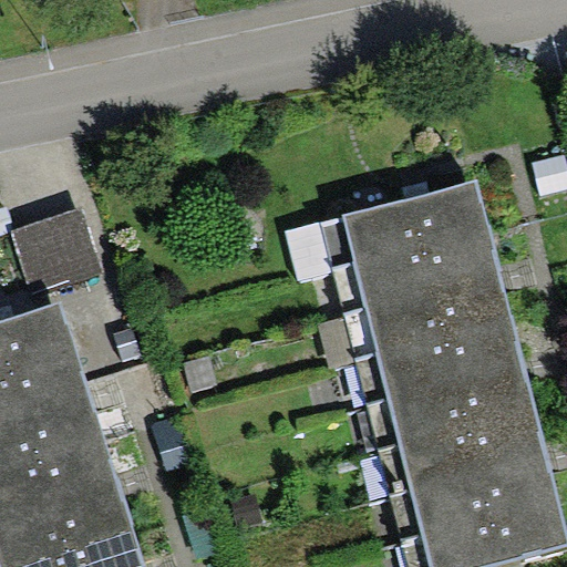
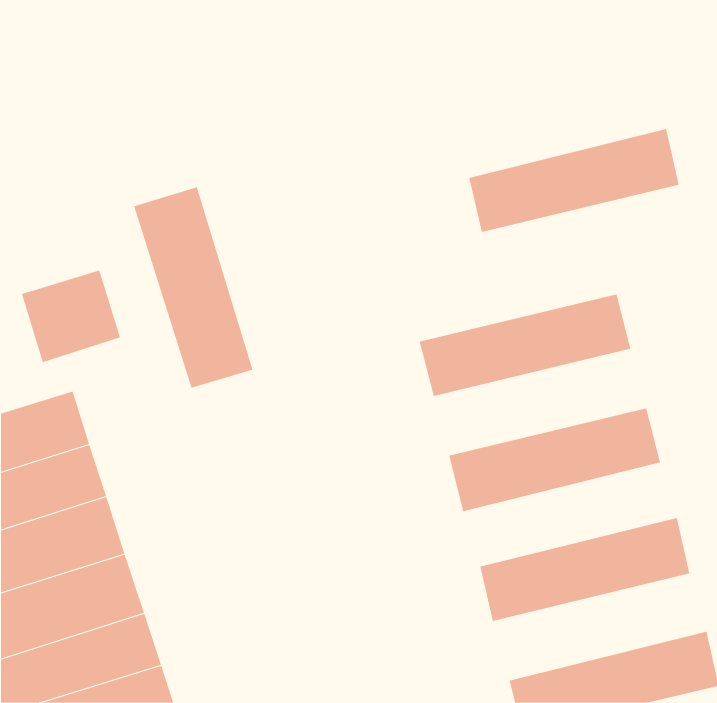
building: none -> [133,187,253,389]
building: [320,186,486,268] -> [468,128,679,233]
building: [342,277,509,358] -> none
building: [367,364,533,446] -> none
building: [391,452,558,534] -> none

